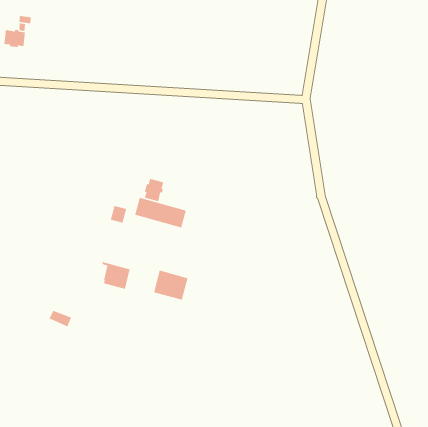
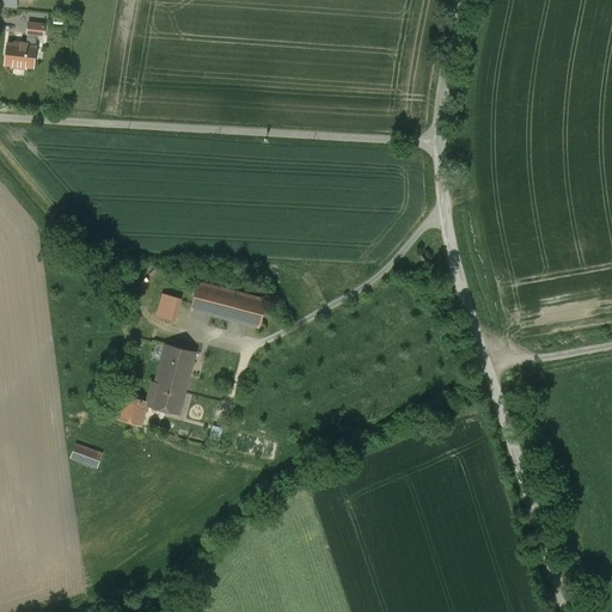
building: [144,178,164,202] -> none
building: [153,270,188,301] -> [146,339,196,384]
building: none -> [117,393,148,426]

